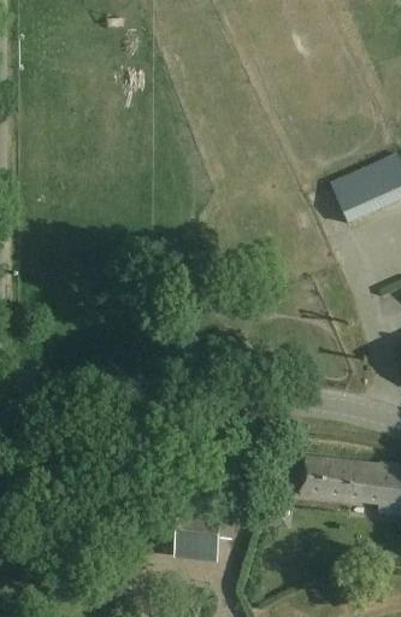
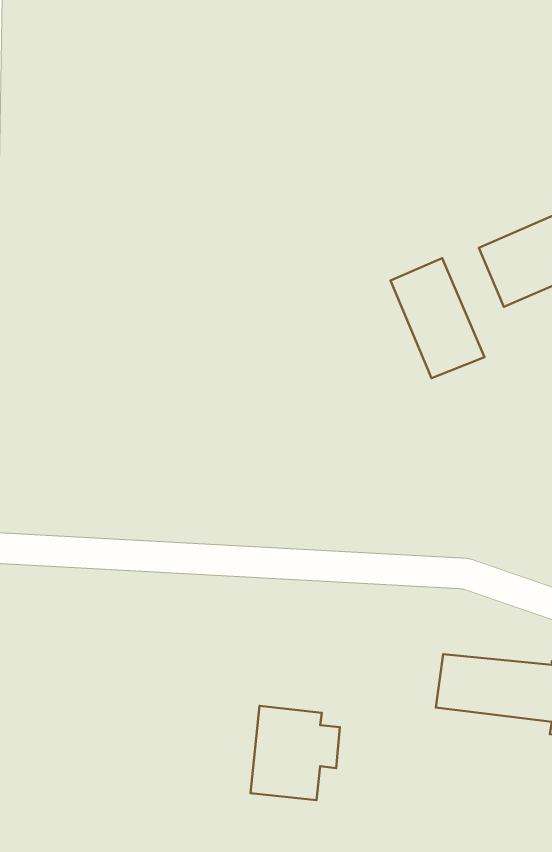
building: none -> [390,258,484,378]

